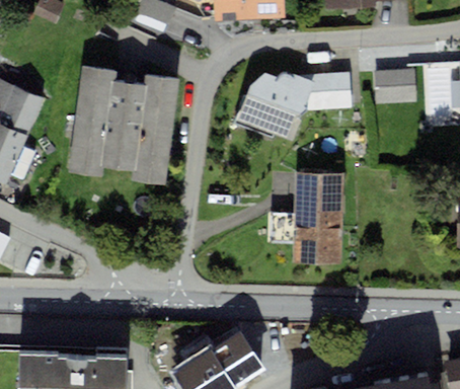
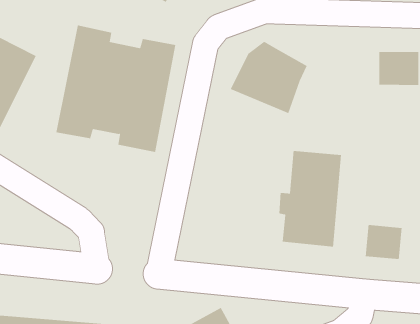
building: [277,69,352,107] -> none
building: none -> [365,224,402,260]

